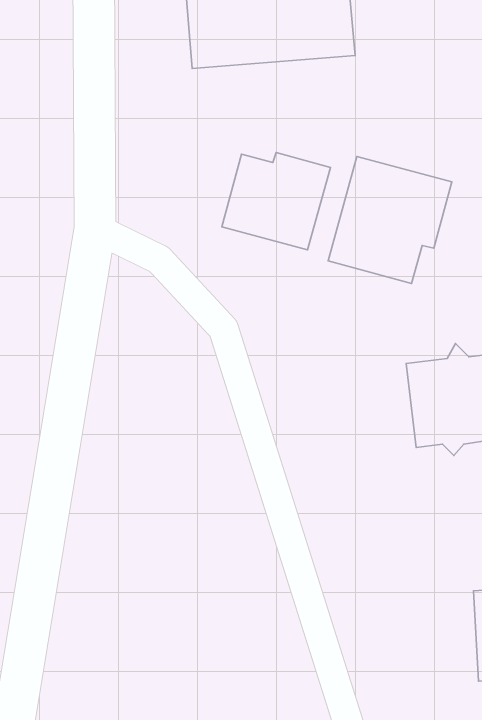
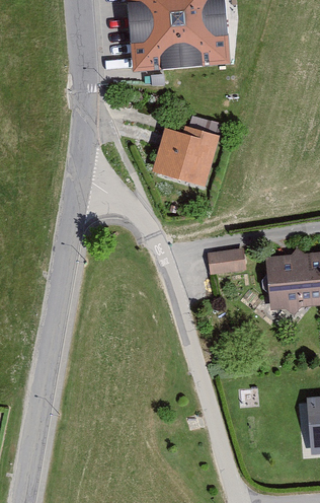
building: [328,157,452,284] -> none
building: none -> [206,245,245,274]

